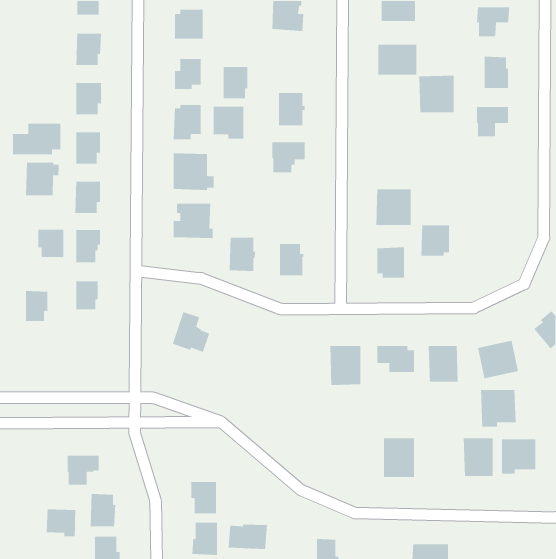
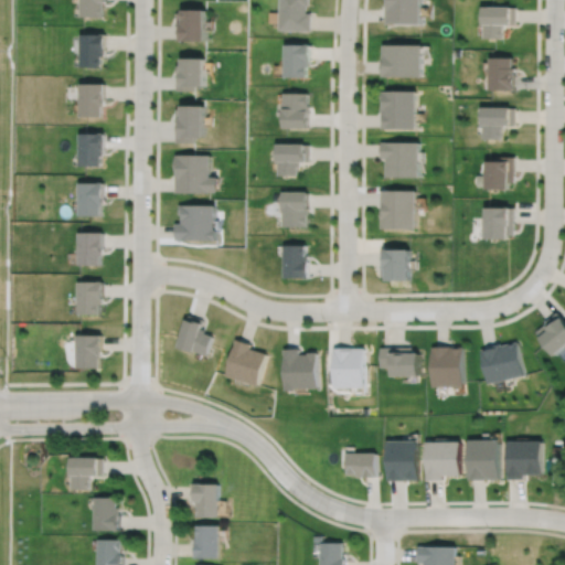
building: [223,66,248,99] -> [282,44,308,77]
building: [418,75,455,113] -> [379,93,415,131]
building: [213,106,244,139] -> none
building: [12,123,61,155] -> none
building: none -> [381,142,418,179]
building: none -> [483,157,513,190]
building: [25,162,60,196] -> none
building: [420,225,450,256] -> [482,207,512,239]
building: [37,229,64,258] -> none
building: [229,237,256,272] -> [279,192,307,227]
building: [25,290,48,322] -> [76,335,99,367]
building: none -> [221,340,267,388]
building: none -> [281,350,317,392]
building: [480,389,516,427] -> [425,443,461,481]
building: none -> [347,454,376,479]
building: [46,508,76,537] -> none
building: [228,524,268,550] -> none

